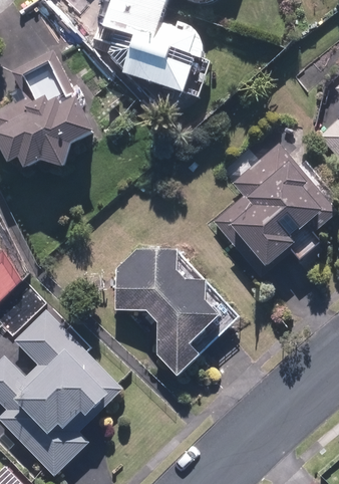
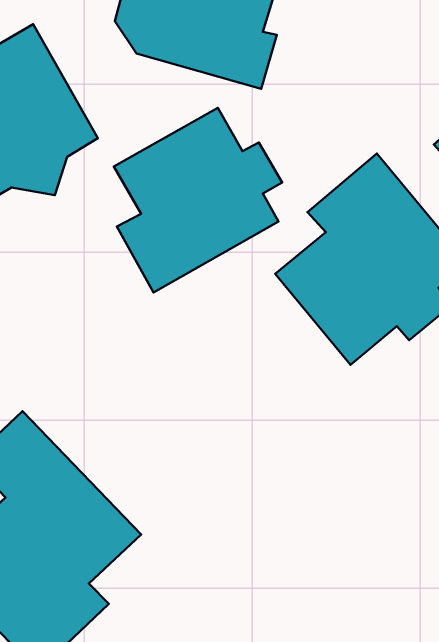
building: none -> [114,108,282,292]
building: [111,245,241,376] -> none

